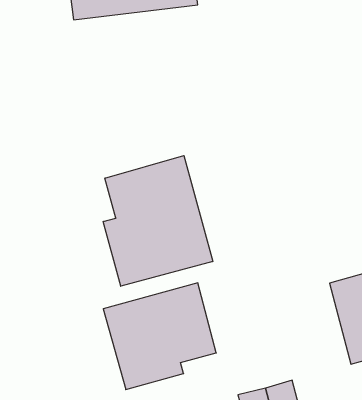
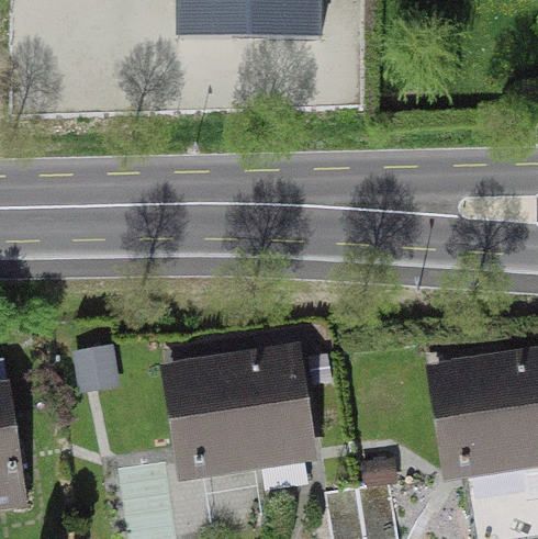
building: [103,156,213,286] -> none

